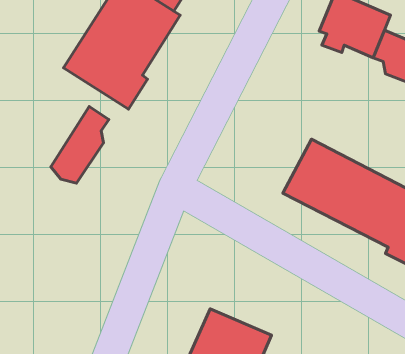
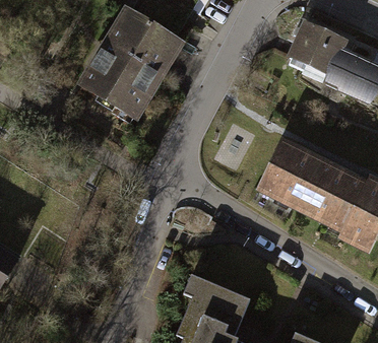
building: [51,106,109,183] -> none

